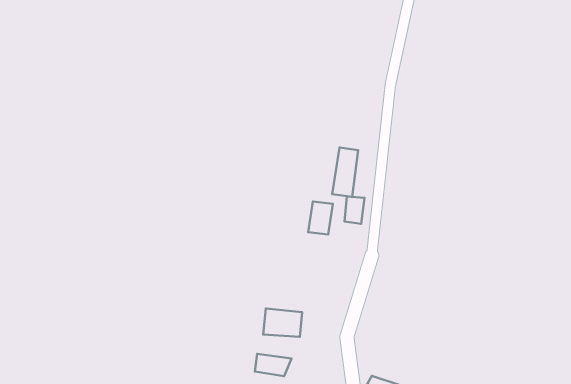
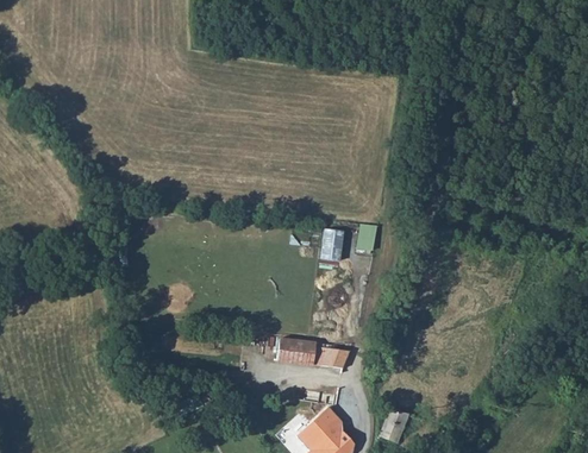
building: [332,148,358,197] -> none
building: [255,354,291,376] -> [314,345,351,367]

